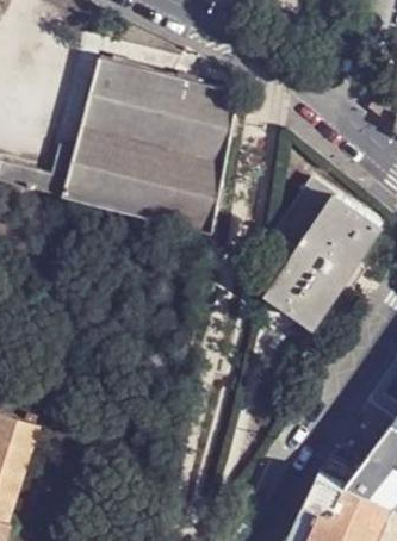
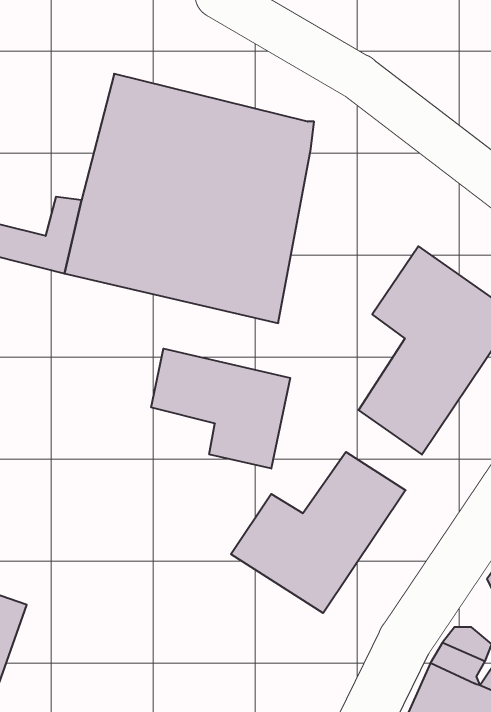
building: none -> [151,349,290,469]
building: none -> [231,452,406,613]

